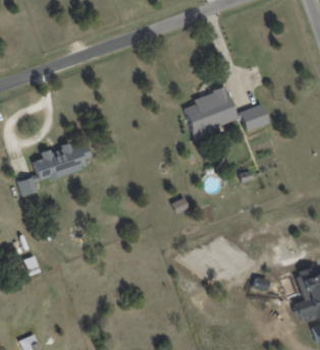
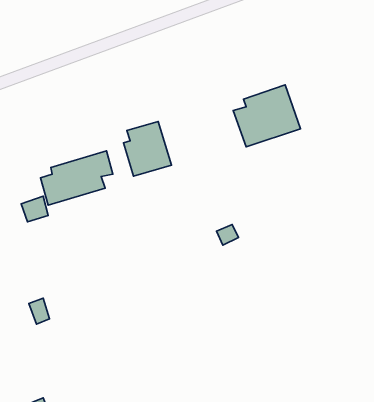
building: [239,103,269,131] -> none
building: none -> [124,122,172,176]

